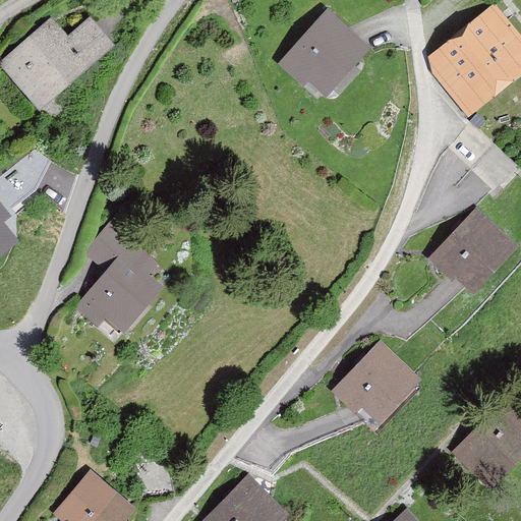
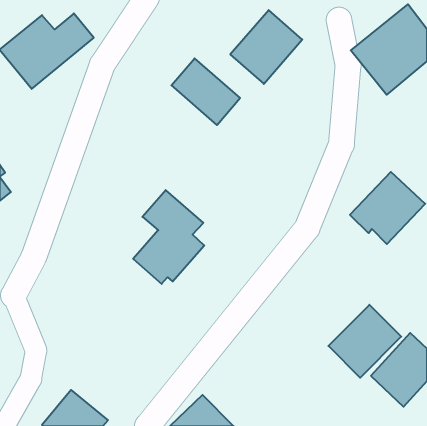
building: none -> [171,58,240,125]
building: [74,221,161,335] -> [133,190,204,284]
building: [331,341,419,429] -> [328,305,401,378]

